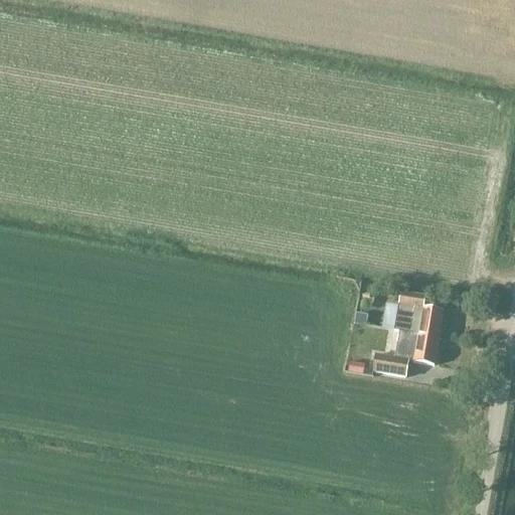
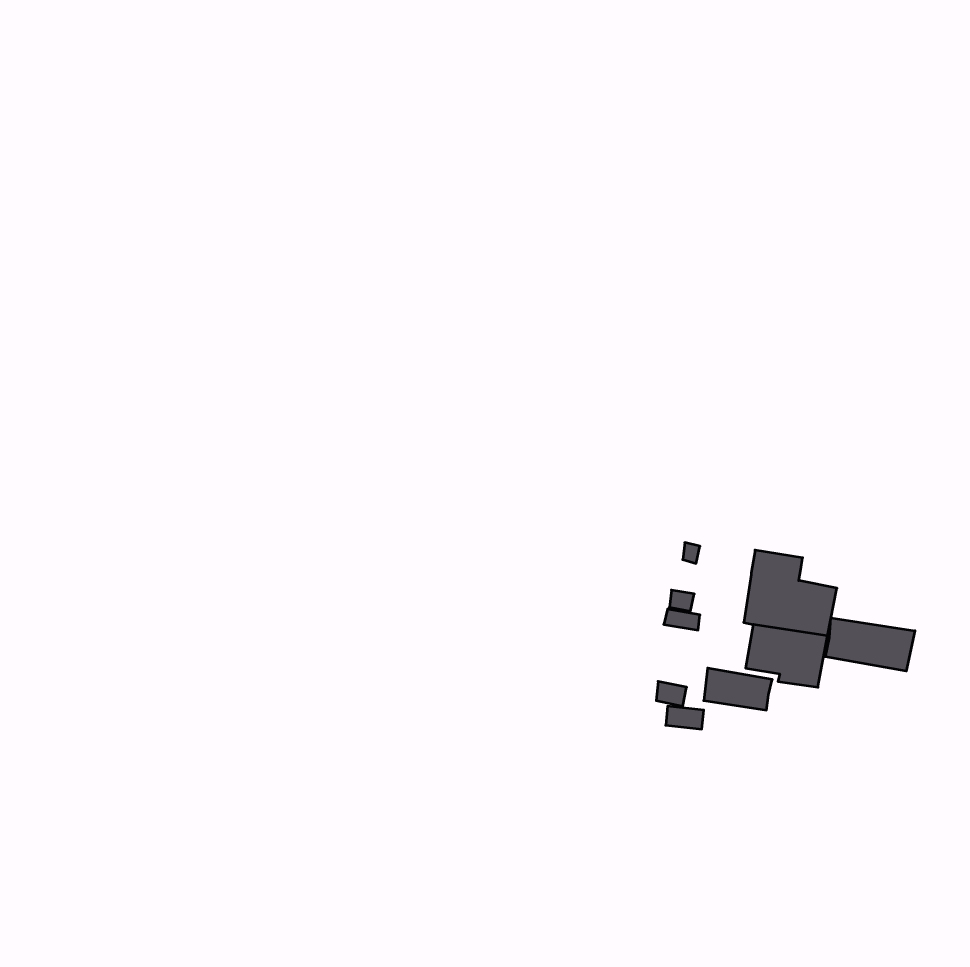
building: none -> [825,618,915,671]

